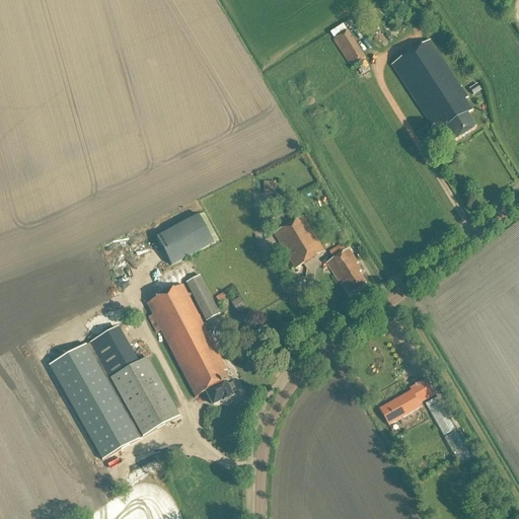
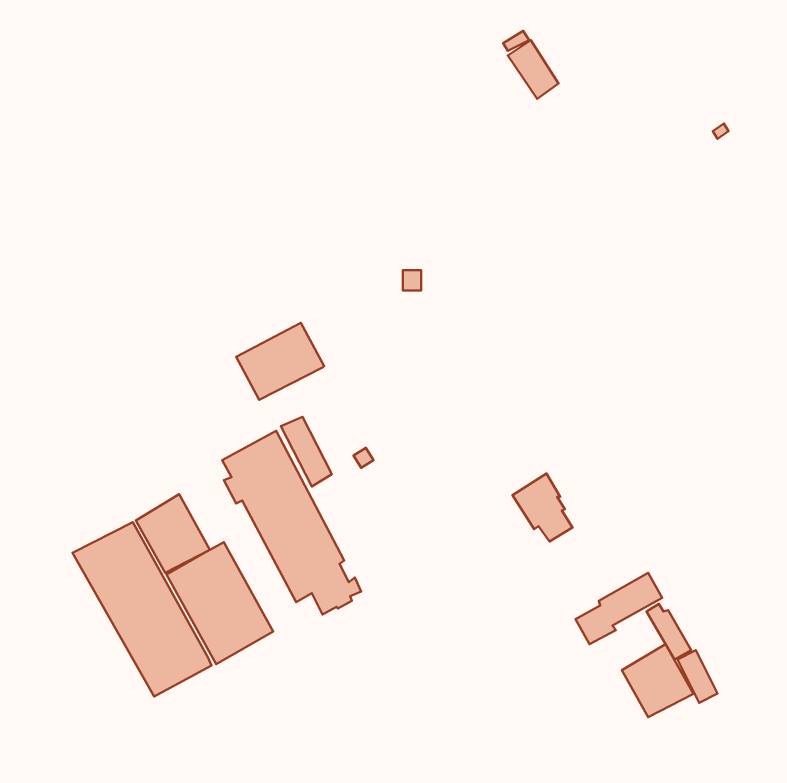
building: [390,38,474,139] -> none
building: [274,214,323,267] -> none
building: [325,246,365,291] -> [512,474,573,541]
building: none -> [622,644,693,717]

